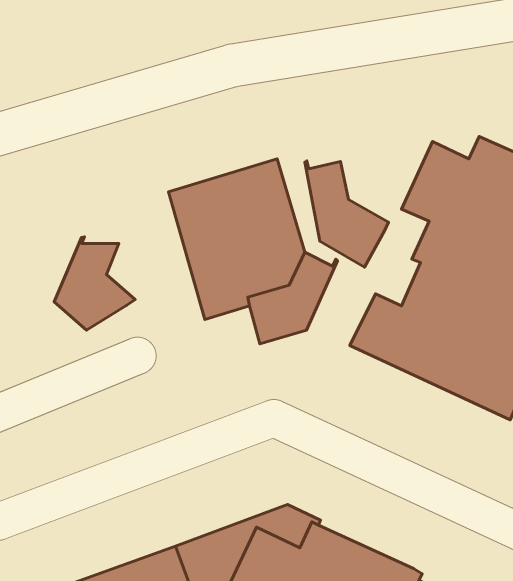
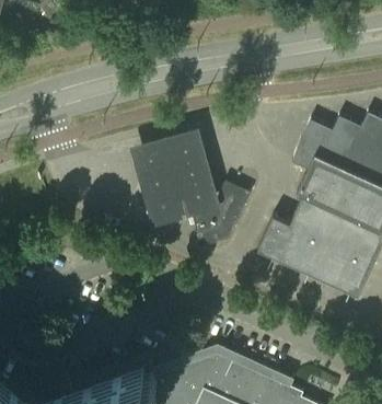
building: [305,161,388,267] -> none
building: [54,237,135,330] -> none

